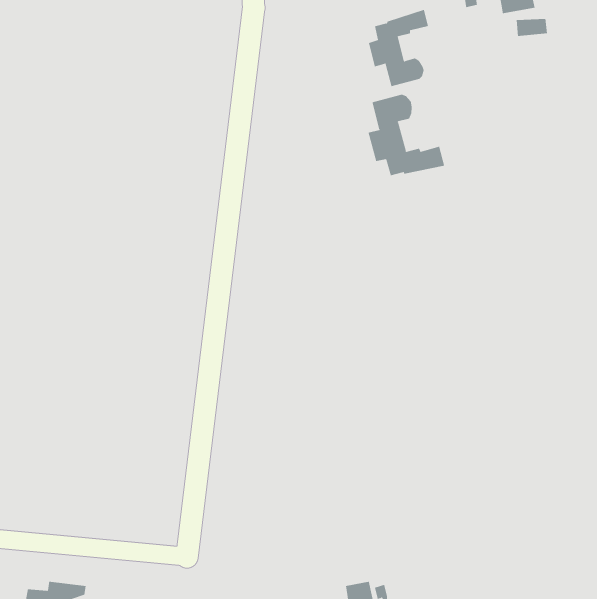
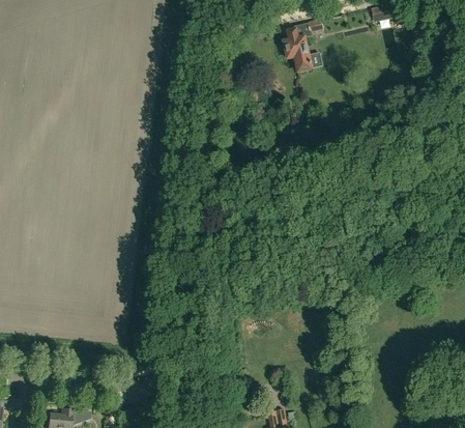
building: [368,94,445,176] -> none

